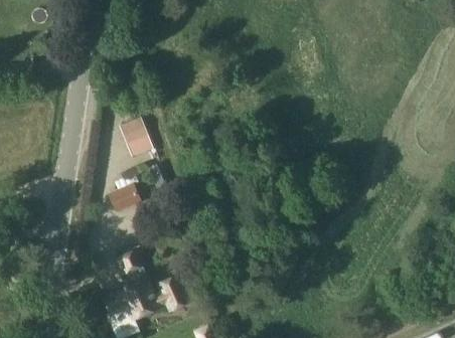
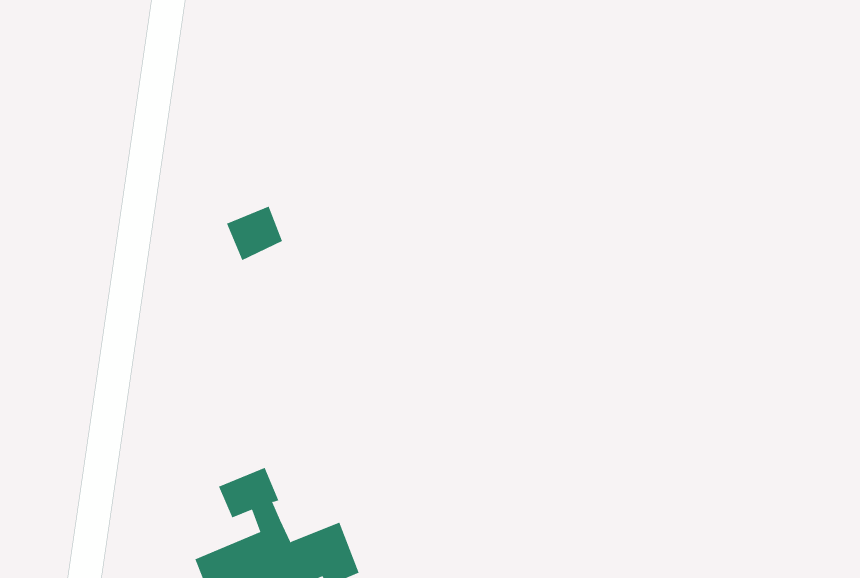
building: [107,185,141,216] -> none

